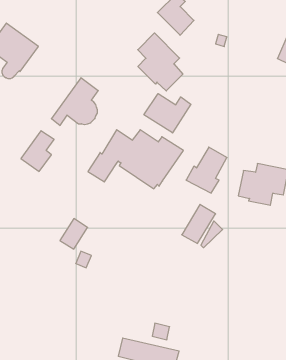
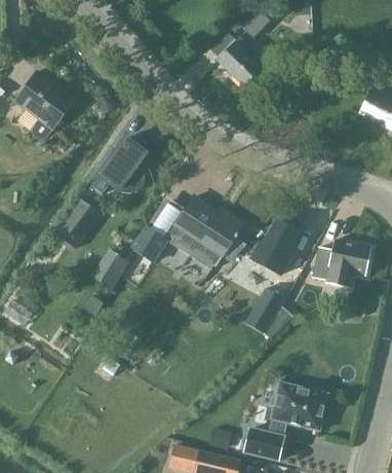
building: [138,33,183,91] -> none
building: [144,94,191,133] -> none
building: [60,219,88,249] -> [95,250,128,286]
building: none -> [244,383,328,460]

